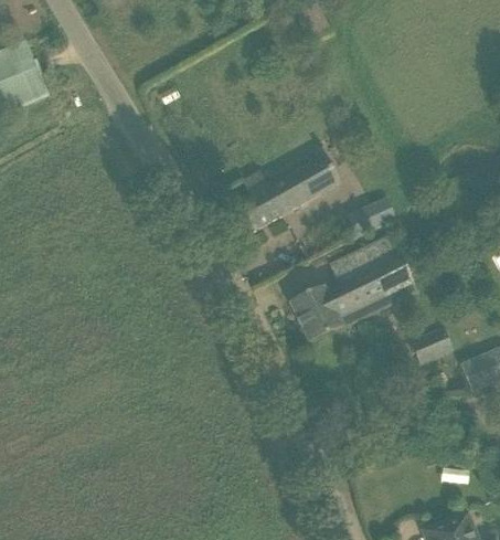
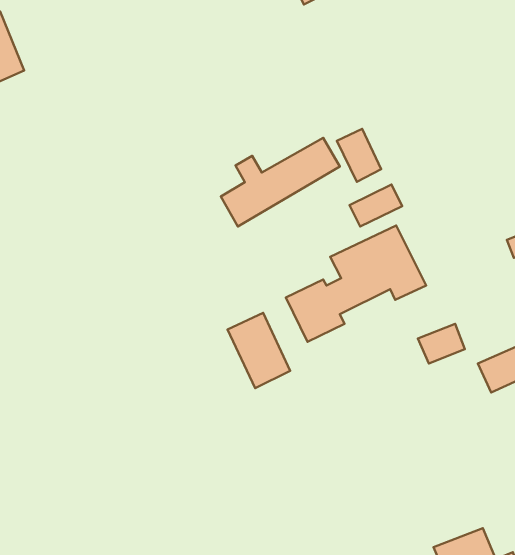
building: none -> [337,129,381,182]
building: none -> [227,313,290,388]

